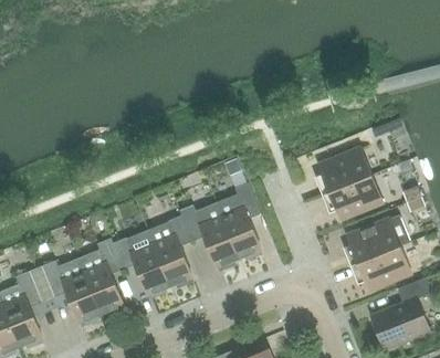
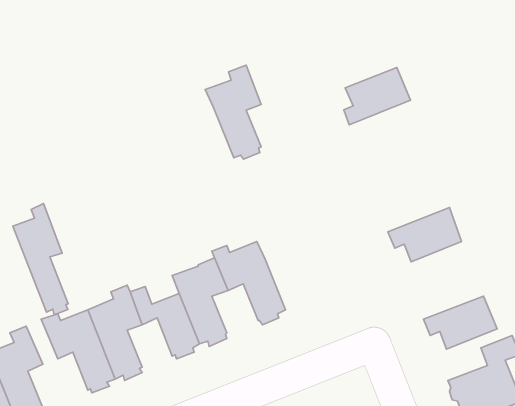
building: [317,148,371,194] -> [344,68,411,125]
building: none -> [13,204,68,315]
building: [216,182,261,259] -> [205,65,261,159]
building: [346,214,410,265] -> none

